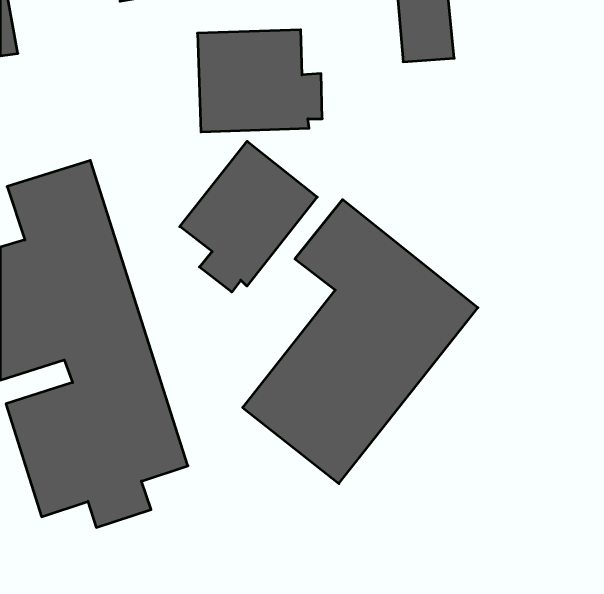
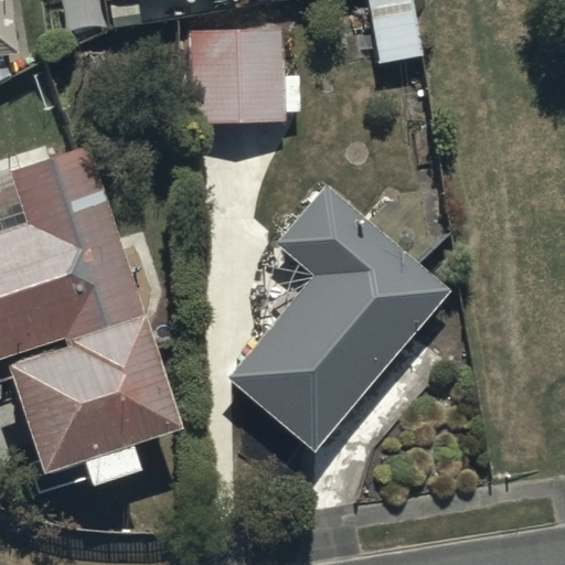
building: [180,141,317,292] -> none

